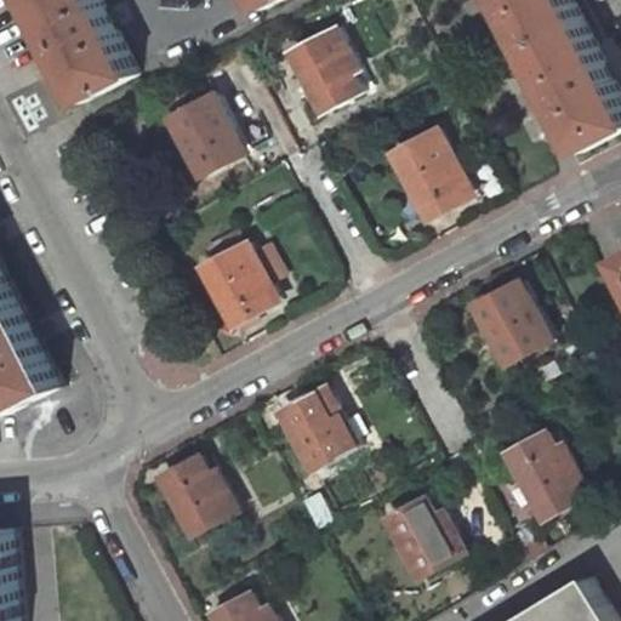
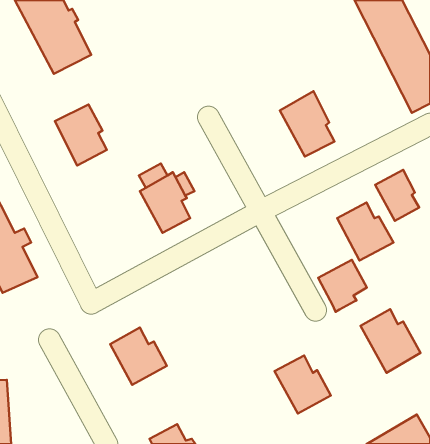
building: [285,27,359,115] -> none
building: [164,91,237,176] -> [55,105,107,165]
building: none -> [375,170,419,221]
building: none -> [318,260,367,312]
building: [277,391,353,469] -> none

